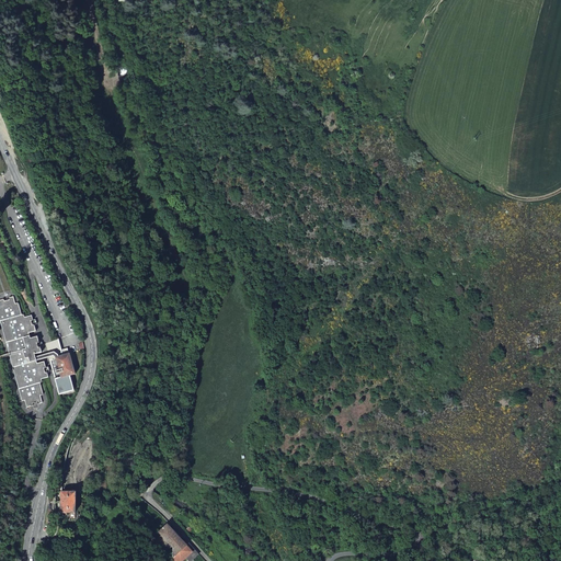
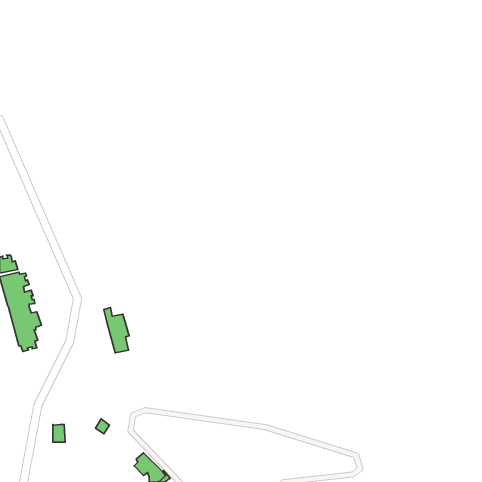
building: [45,341,75,393] -> [104,308,129,353]

